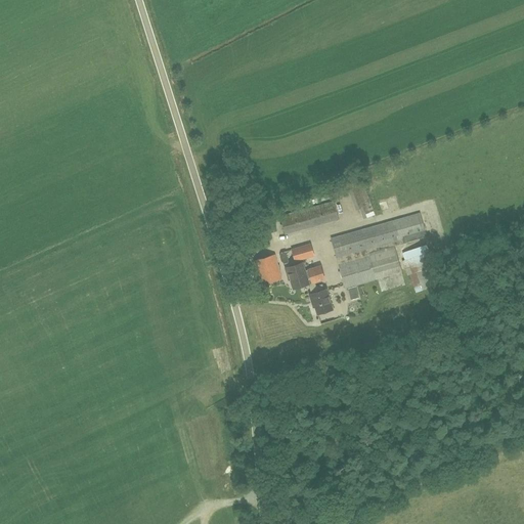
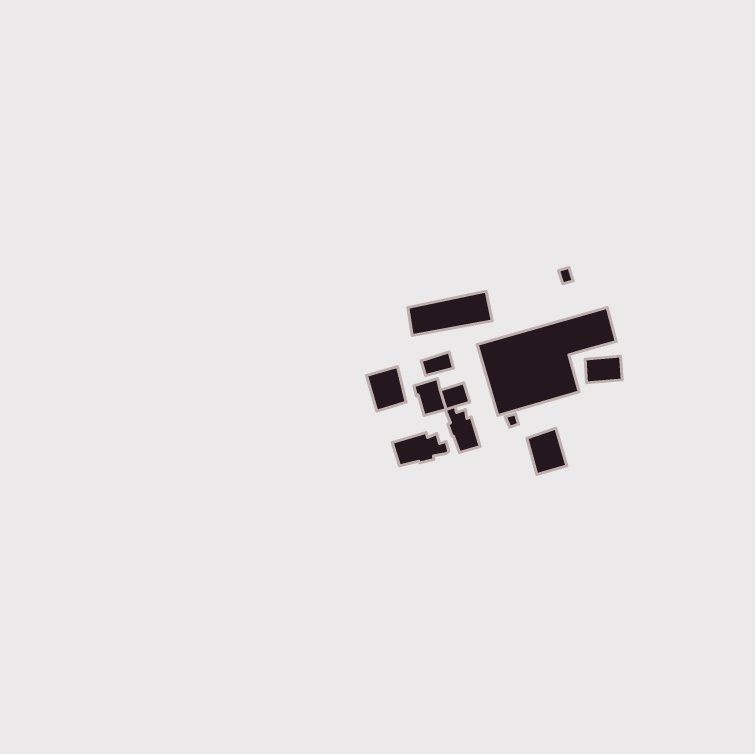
building: none -> [527,428,567,474]
building: none -> [392,432,449,466]

